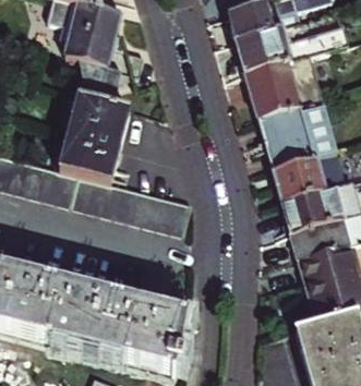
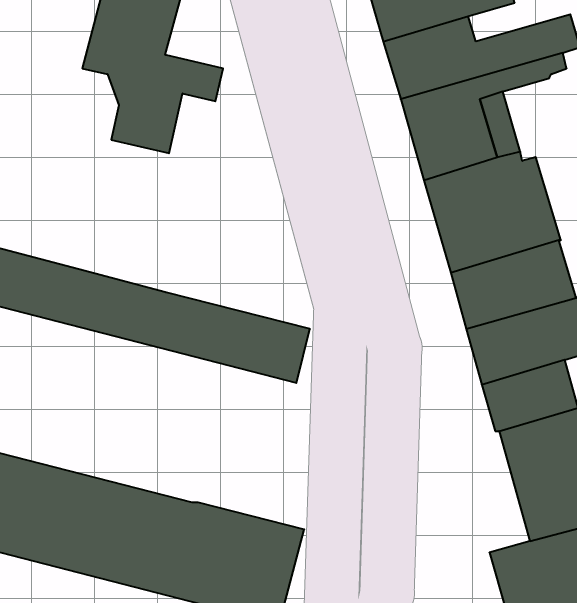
building: [60,95,128,181] -> none

